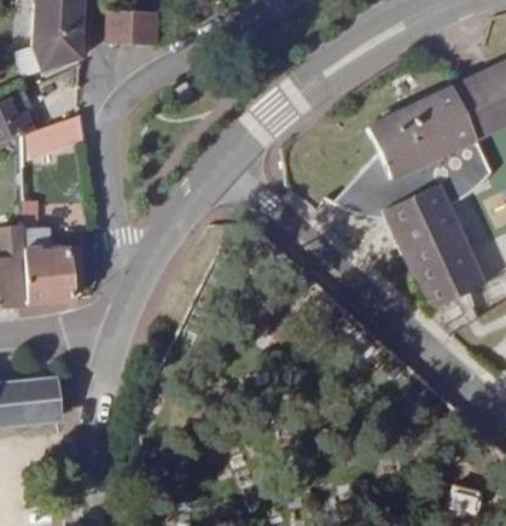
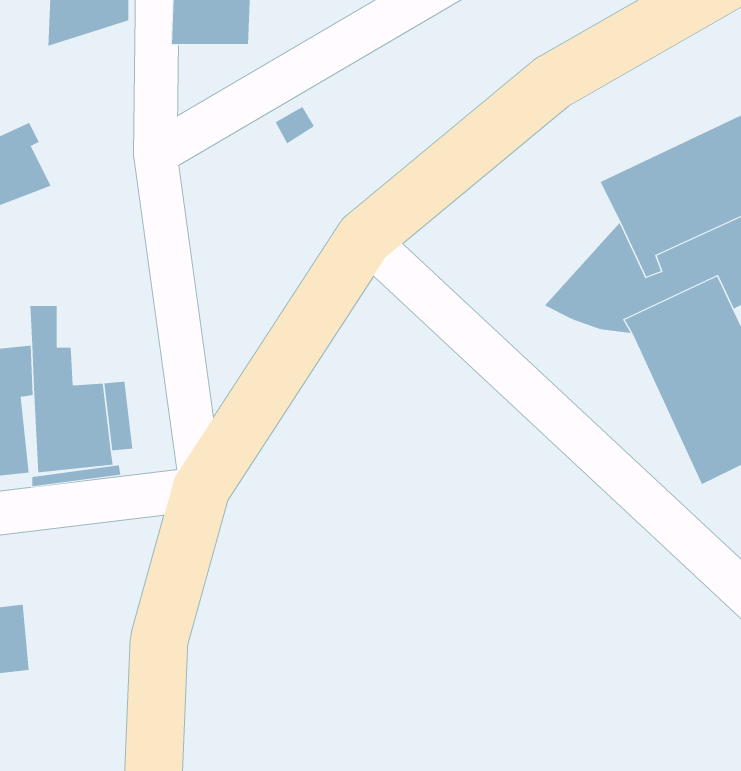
building: [14,29,82,74] -> none
building: [19,113,83,162] -> none
building: [18,379,58,422] -> none

